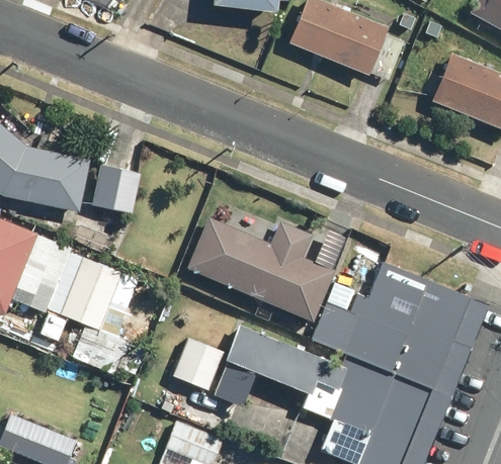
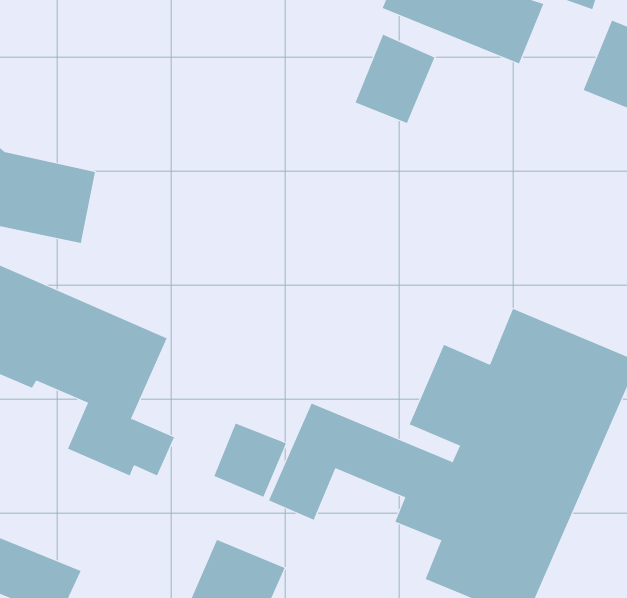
building: none -> [355,34,435,124]
building: [90,163,143,218] -> none
building: [185,216,336,323] -> none

